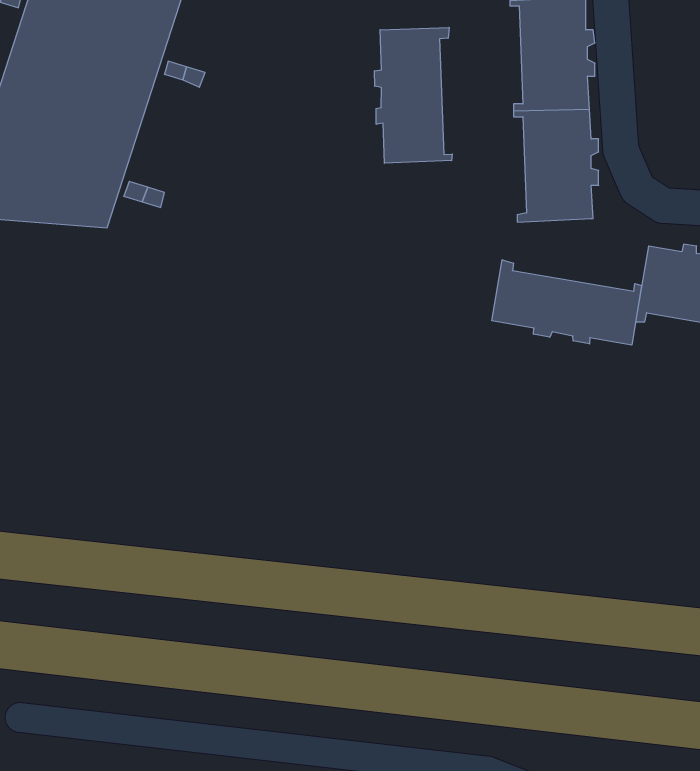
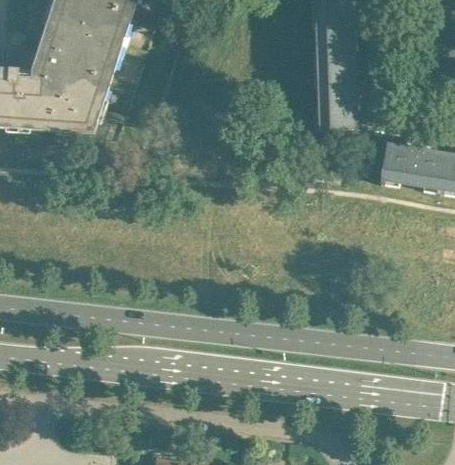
building: [375,27,452,163] -> none
building: [492,260,642,345] -> none

